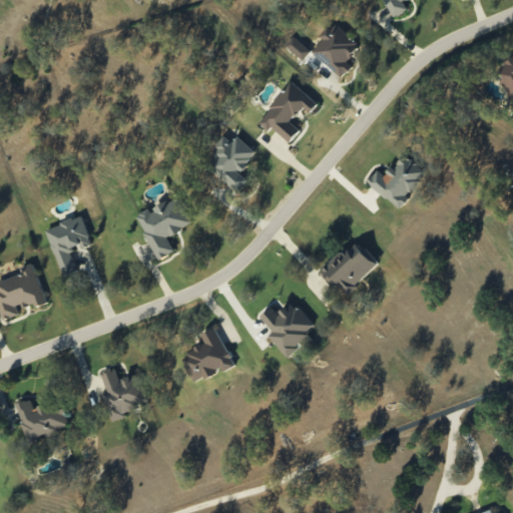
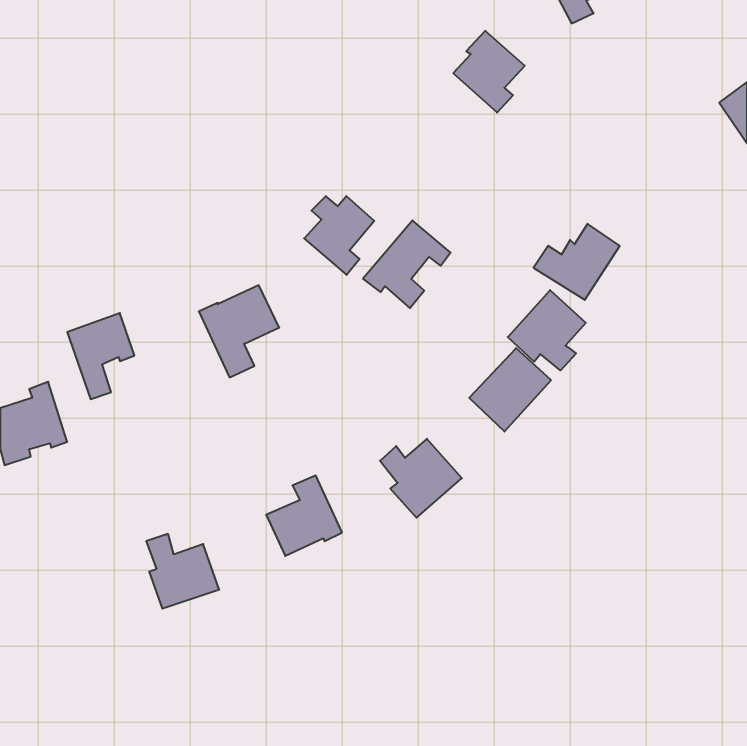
building: [258,81,318,141] -> [363,220,451,308]
building: none -> [508,290,586,370]
building: [15,398,69,441] -> none

